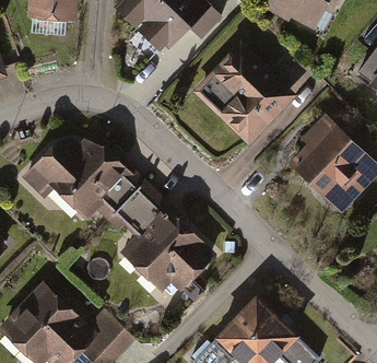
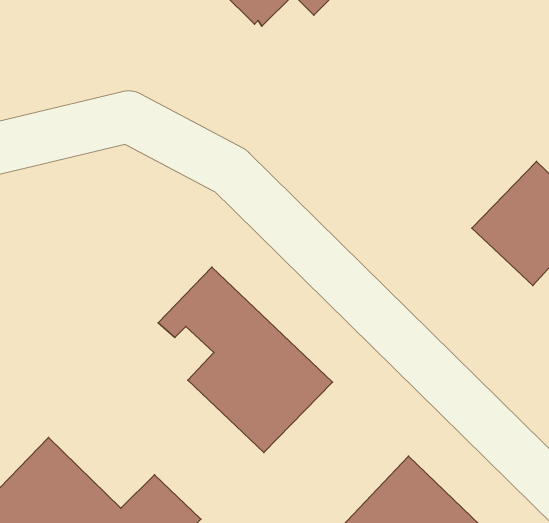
building: [215,49,284,140] -> none
building: [37,147,140,220] -> none

